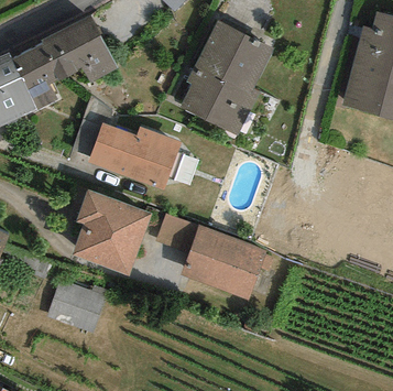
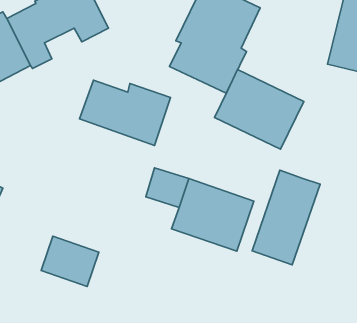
building: none -> [214,70,304,149]
building: [70,189,151,274] -> none
building: none -> [252,170,320,265]

